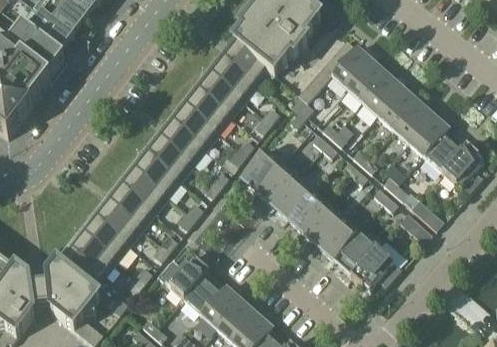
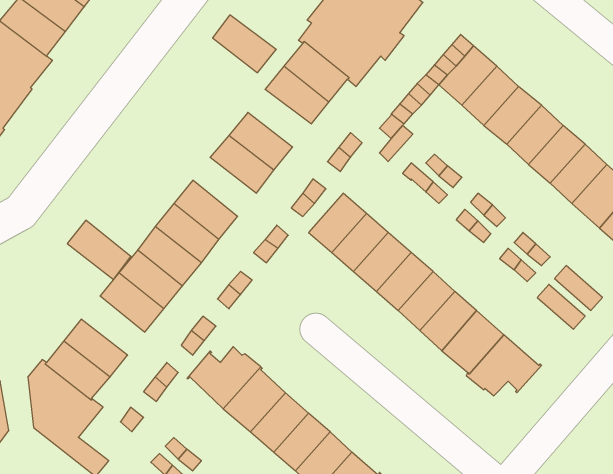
building: [198,75,242,115] -> [213,15,276,73]
building: [160,122,204,163] -> none
building: [83,218,127,259] -> [67,220,131,280]

